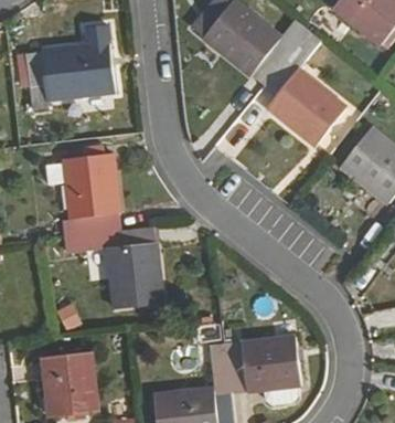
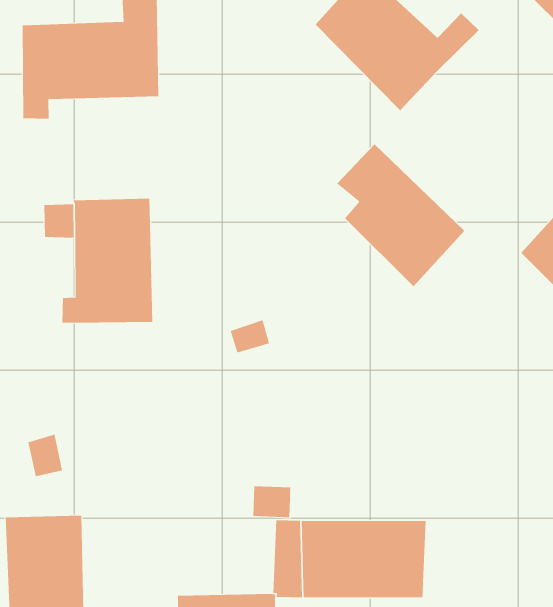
building: [261,59,343,145] -> [337,144,465,287]
building: [88,225,162,307] -> none

